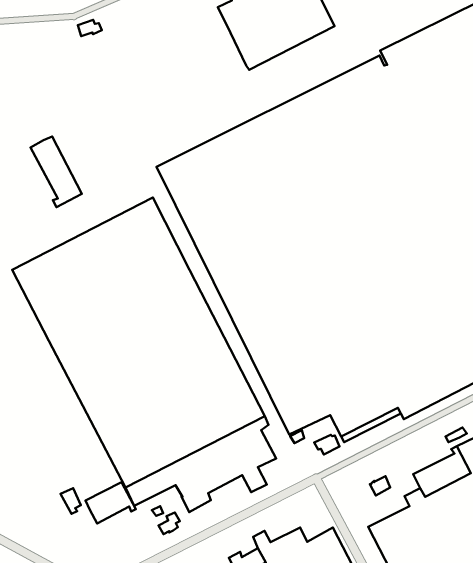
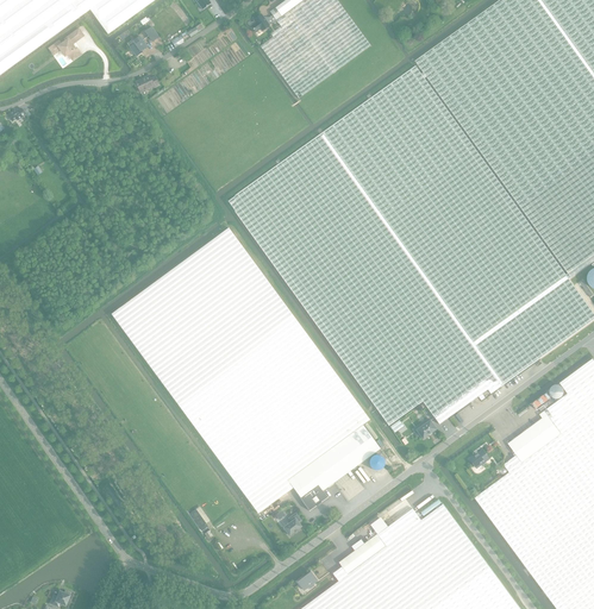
building: [31,136,82,207] -> none
building: [85,482,136,524] -> none

